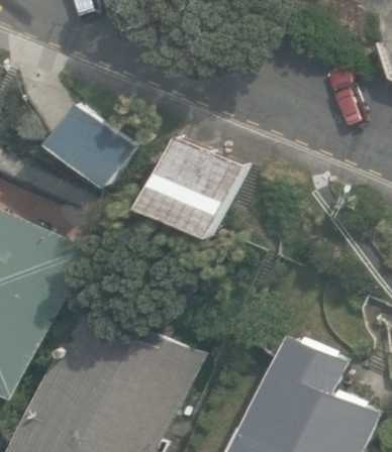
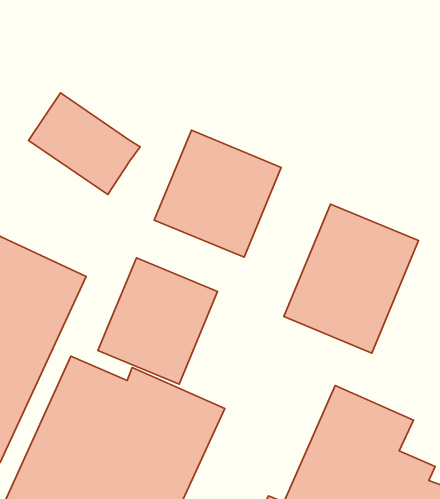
building: none -> [284,204,418,353]
building: none -> [98,258,217,384]

